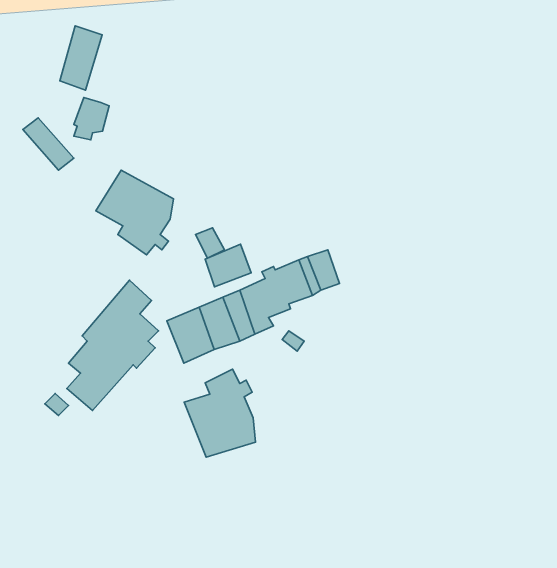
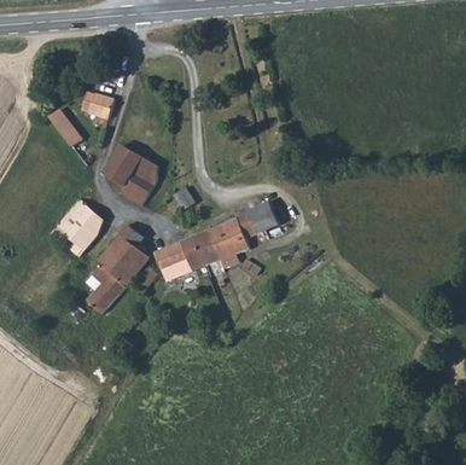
building: [60,26,102,90] -> none
building: [205,244,251,287] -> none
building: none -> [52,199,101,252]
building: [184,369,255,457] -> none

